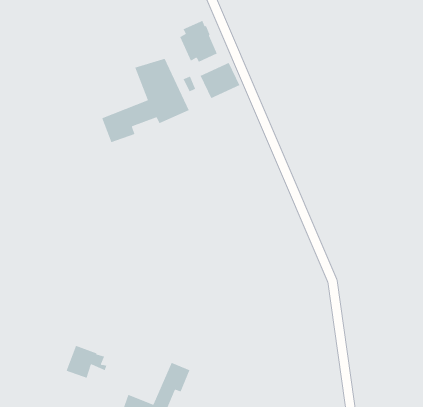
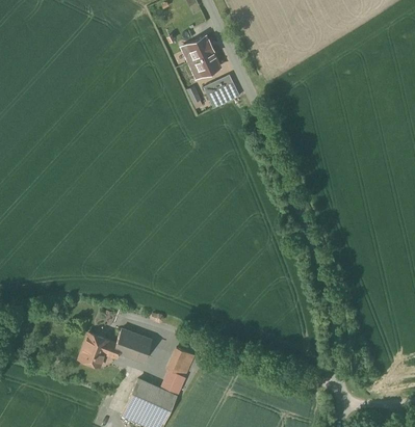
building: [101,58,190,143] -> none
building: none -> [113,329,152,363]

